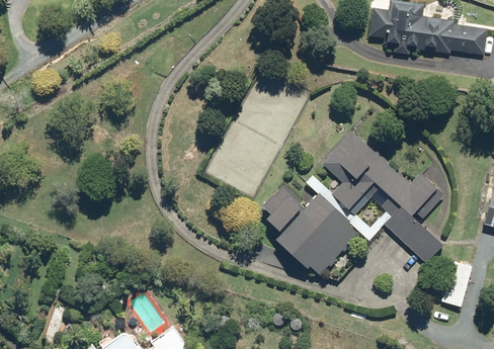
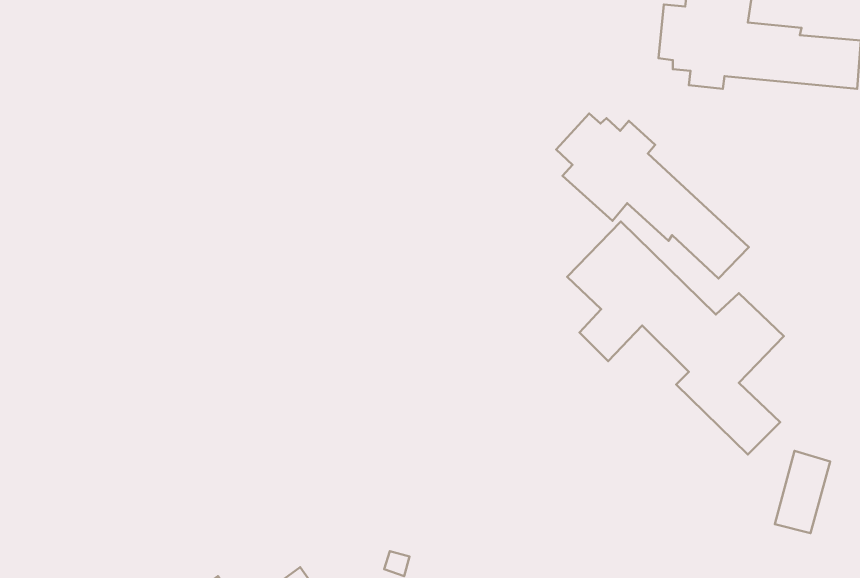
building: none -> [556,114,749,278]
building: [259,182,359,277] -> none

